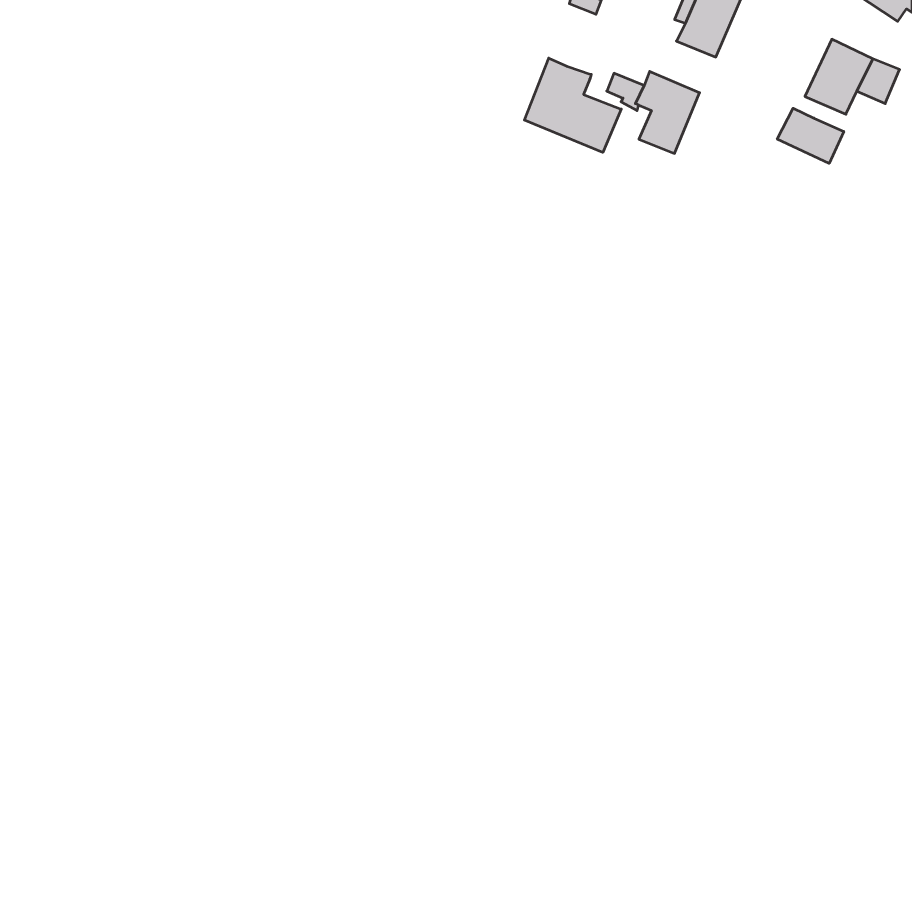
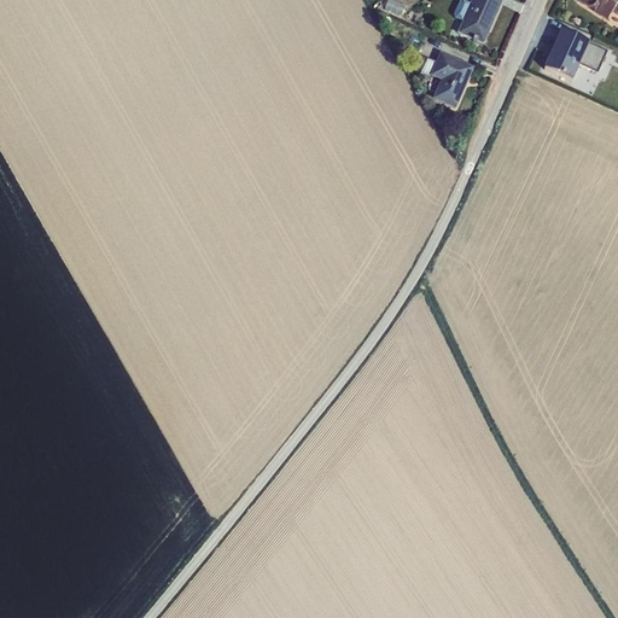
building: [524,58,621,152] -> none
building: [777,108,844,163] -> none

